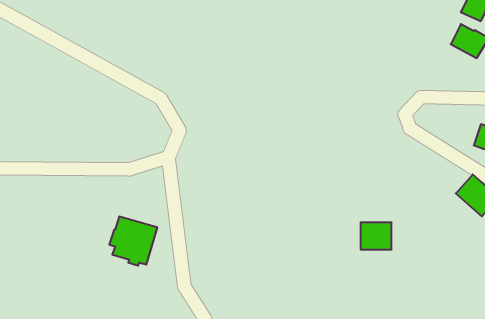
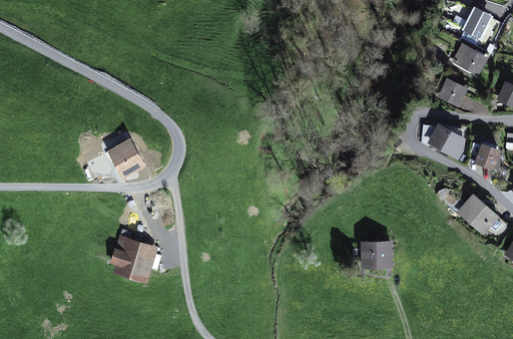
building: none -> [437,76,469,108]
building: none -> [427,122,466,160]
building: none -> [109,139,144,177]

